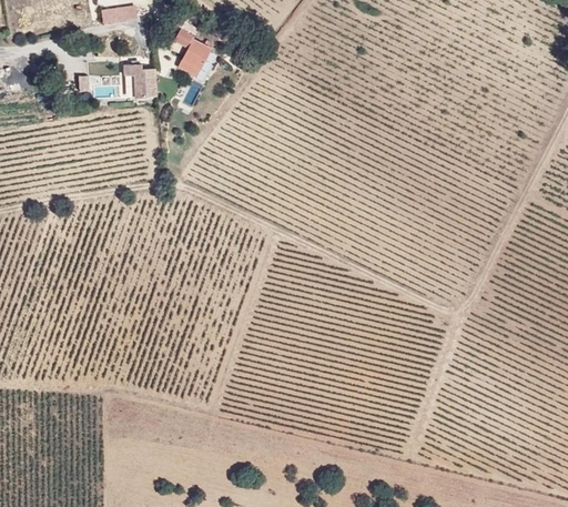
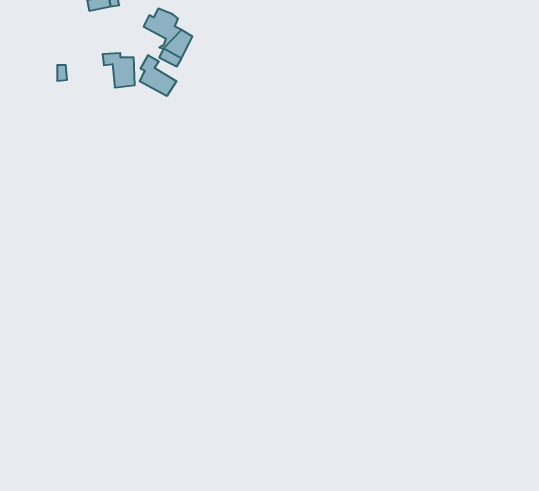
building: none -> [140,55,176,96]

